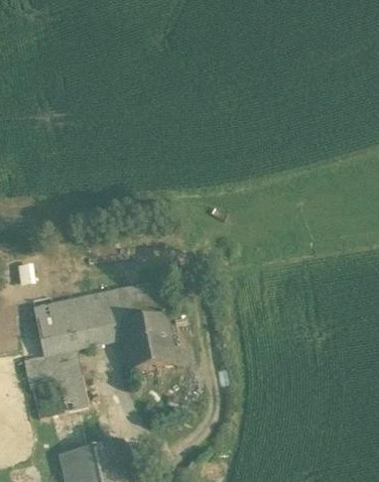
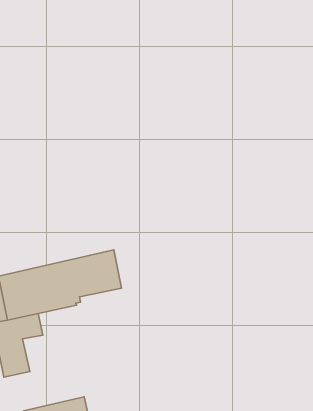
building: [121,322,174,370] -> none
building: [59,372,89,411] -> none

